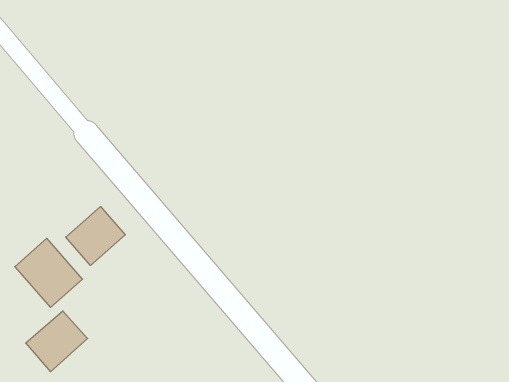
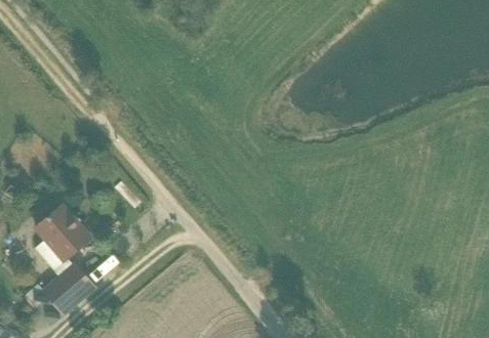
building: [66,207,125,265] -> none

